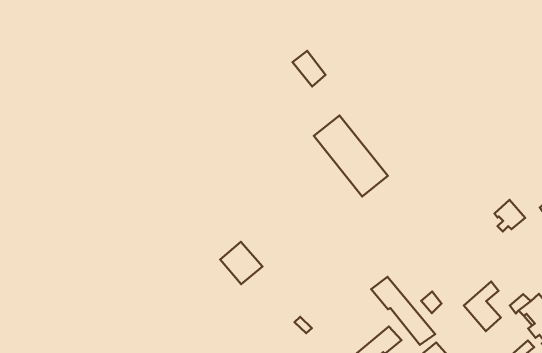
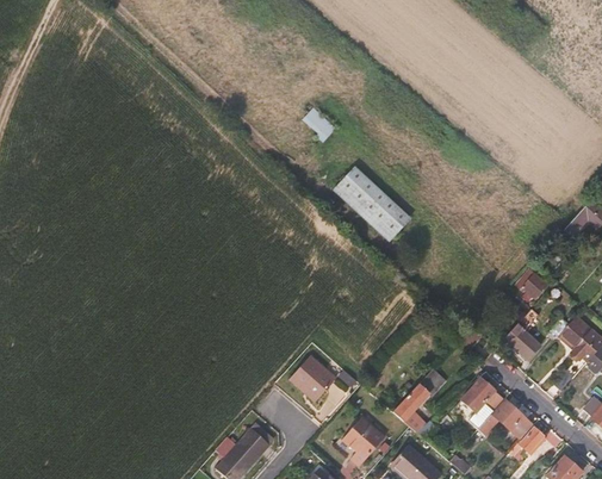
building: [494,200,525,232] -> [516,269,547,301]
building: [220,242,263,284] -> [290,359,333,400]
building: [371,277,435,345] -> none

